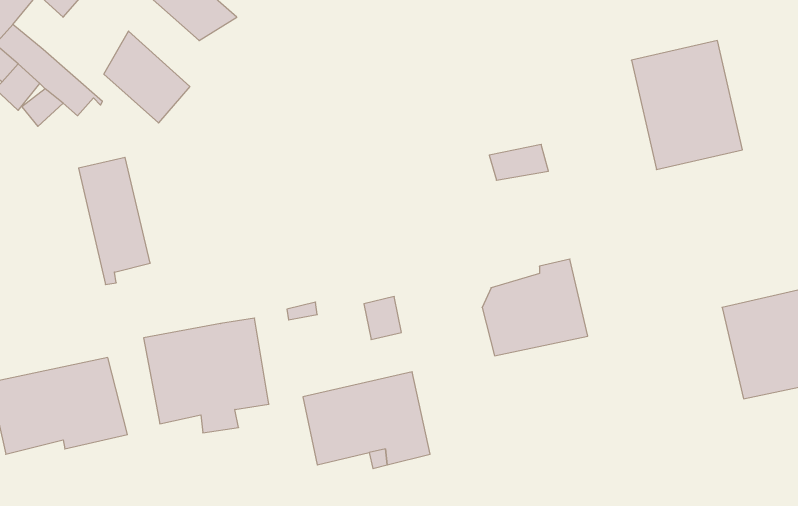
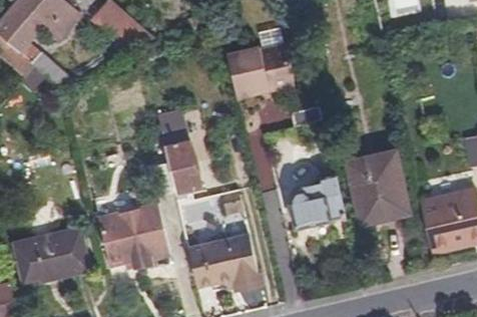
building: [104,31,190,123] -> none
building: none -> [227,46,293,99]
building: [631,41,742,170] -> [348,151,410,224]
building: [79,157,150,285] -> [162,127,202,199]

